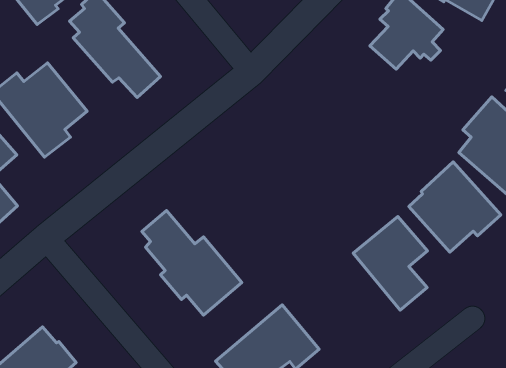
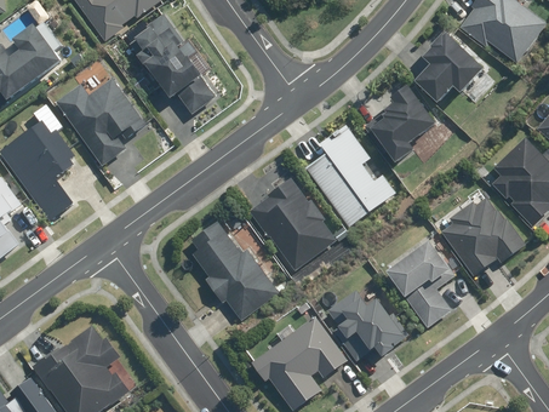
building: none -> [365,82,436,162]
building: none -> [304,124,395,227]
building: none -> [247,178,347,270]
building: none -> [327,287,407,359]

